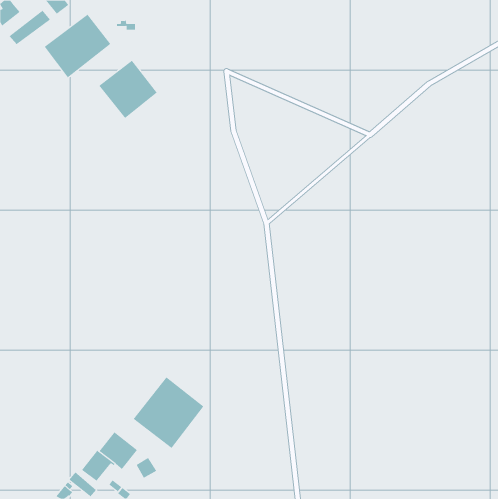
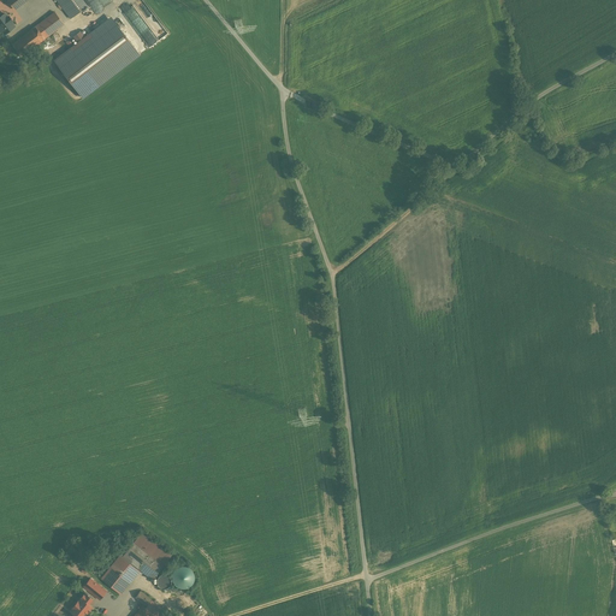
building: [99,60,158,119] -> none
building: [133,377,204,449] -> none

